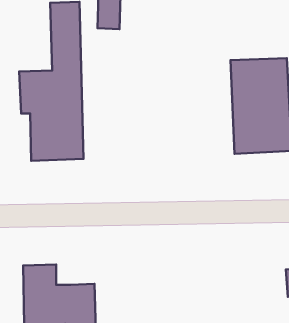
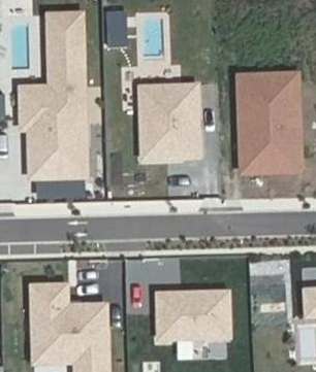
building: none -> [140,83,200,158]
building: none -> [152,290,224,338]

